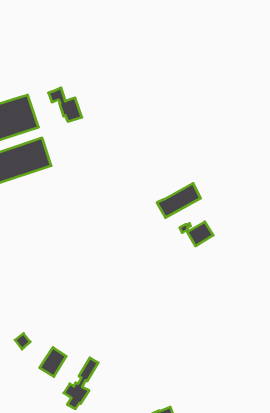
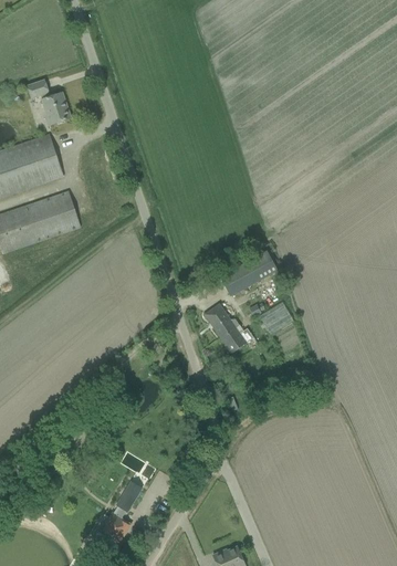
building: [48,88,82,121] -> [27,80,71,124]
building: none -> [203,304,253,354]
building: [40,347,66,377] -> none

